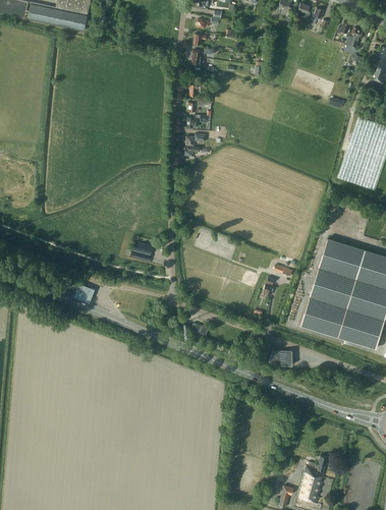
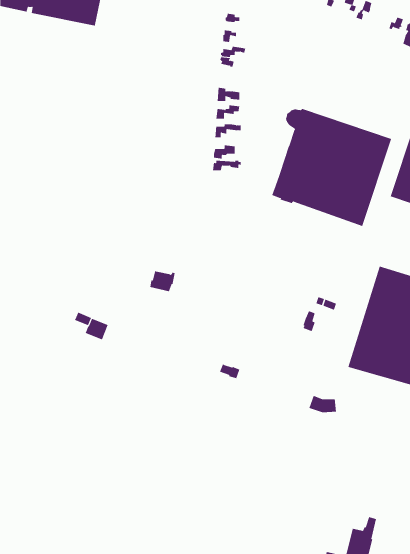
building: none -> [272,108,392,227]

